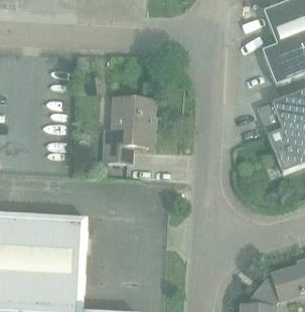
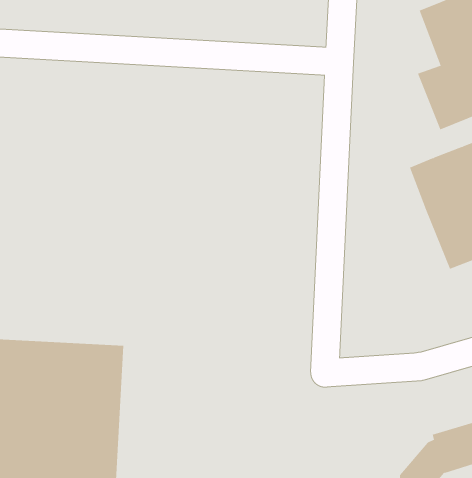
building: [104,97,156,162] -> none

